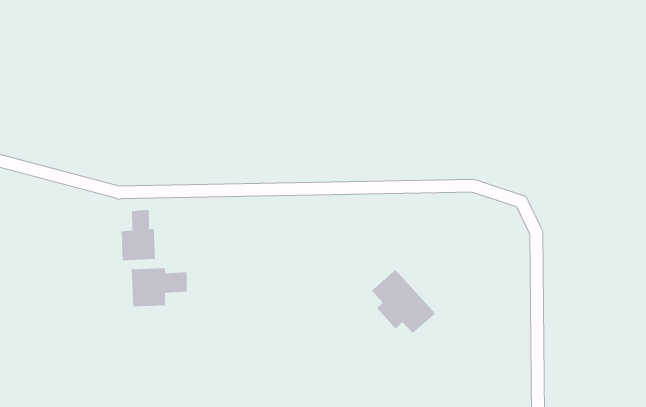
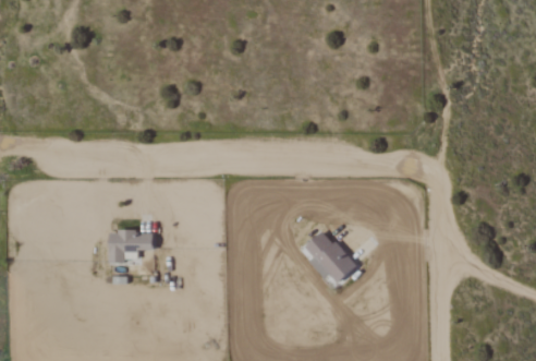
building: [121,209,155,261] -> none

